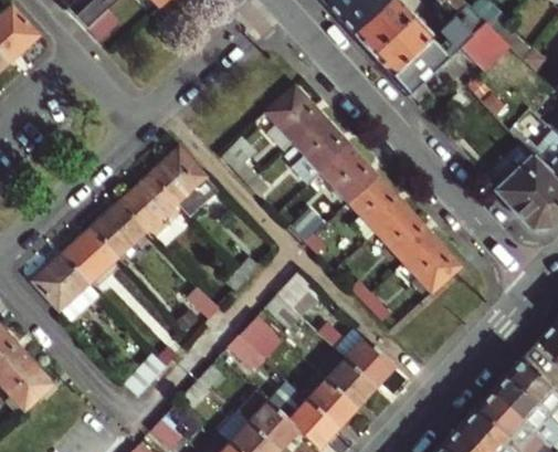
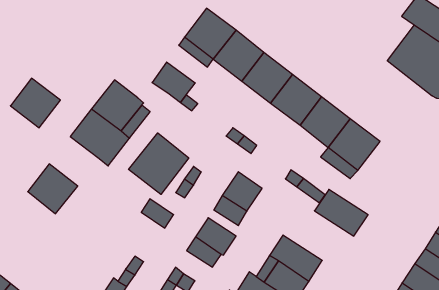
building: [92,200,148,256] -> [10,78,60,128]
building: none -> [129,133,189,194]
building: [32,253,97,318] -> none
building: [337,328,396,385] -> [314,189,368,236]

